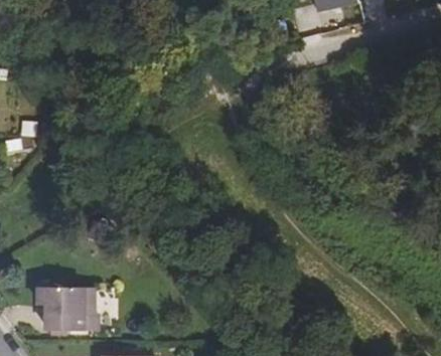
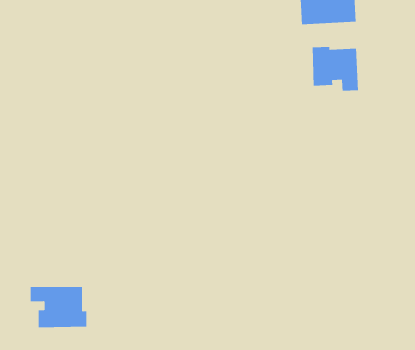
building: none -> [312,46,359,92]

